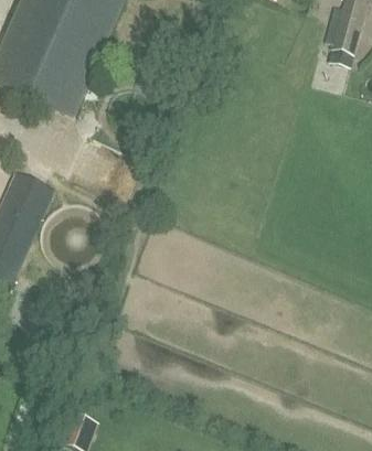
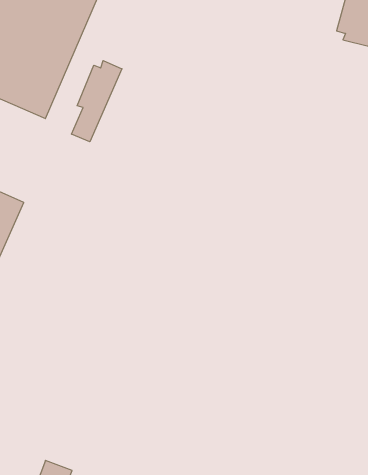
building: none -> [72,61,122,142]

